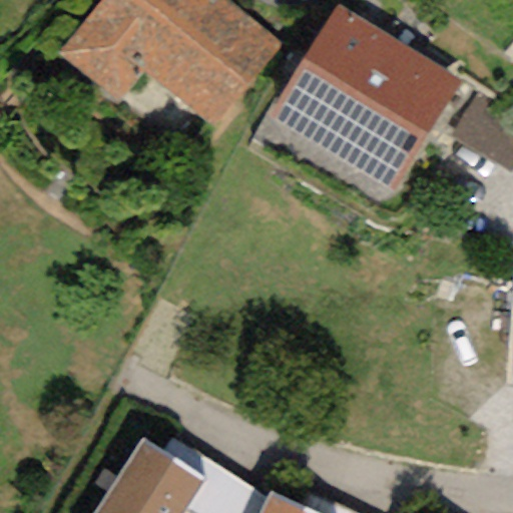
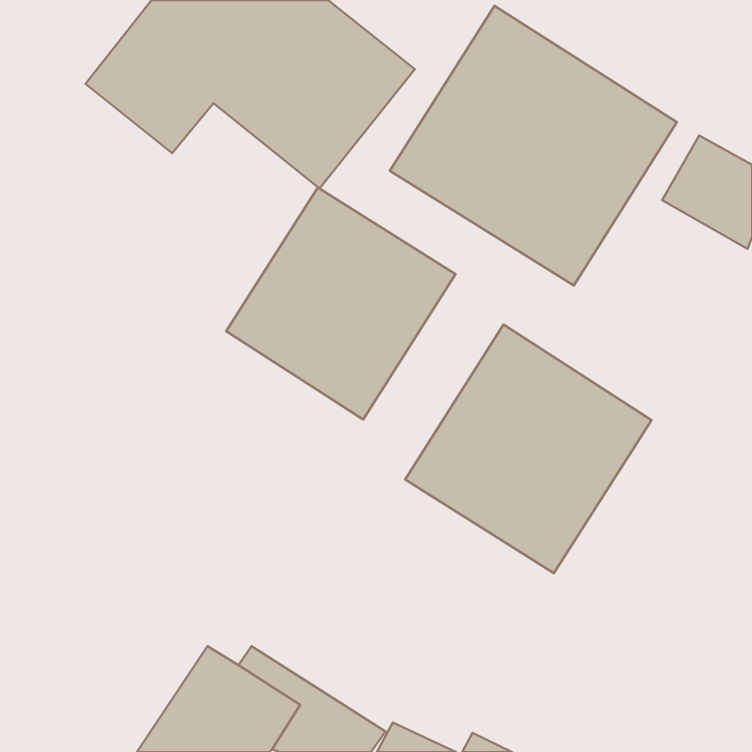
building: none -> [226,187,455,420]
building: none -> [405,325,651,573]

